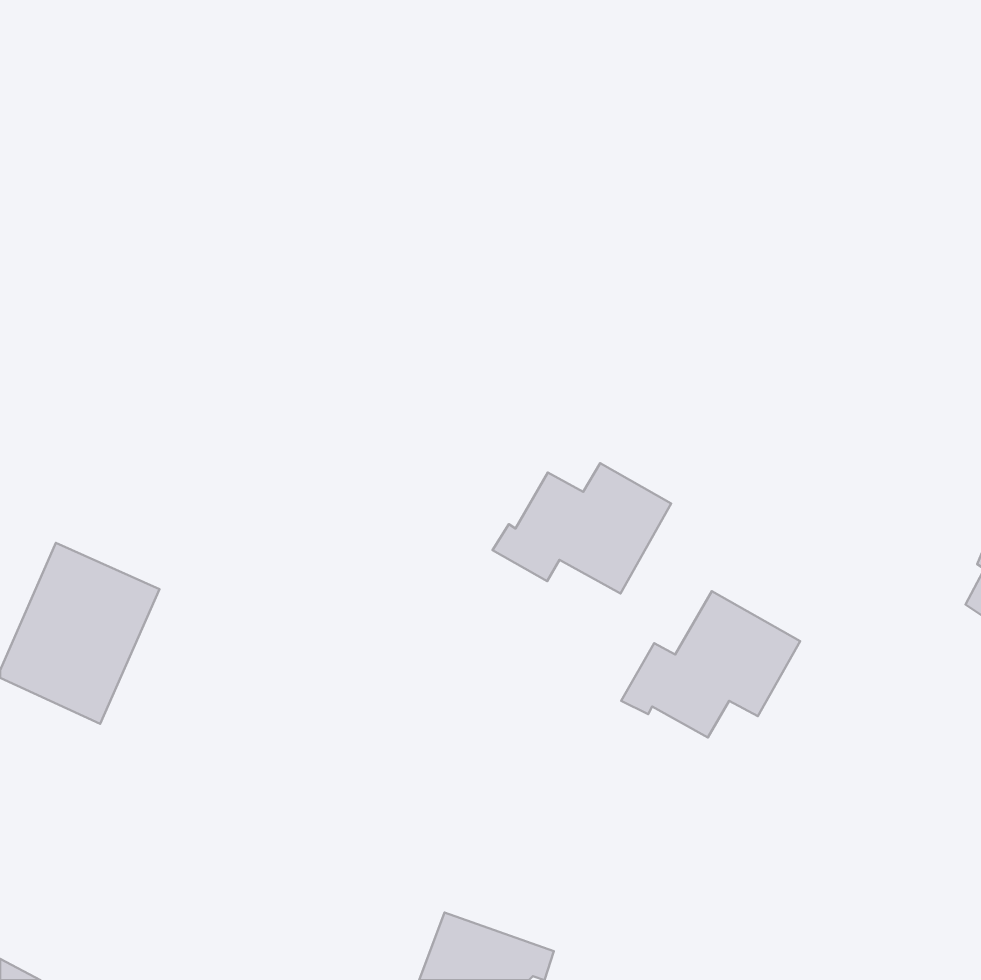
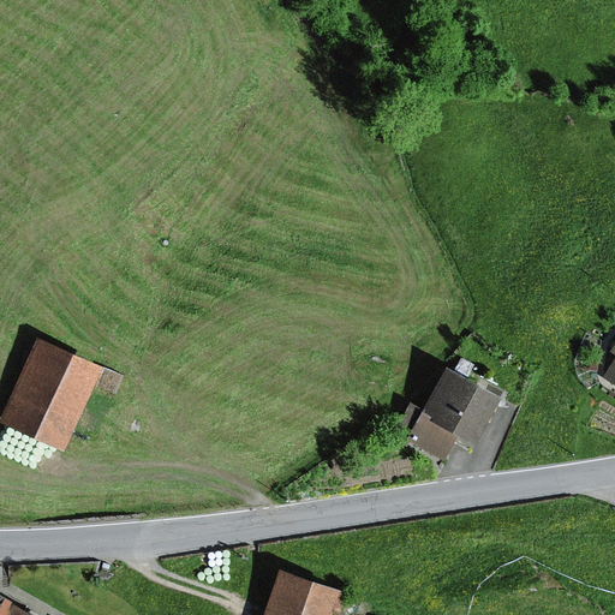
building: [492,463,671,594] -> none

